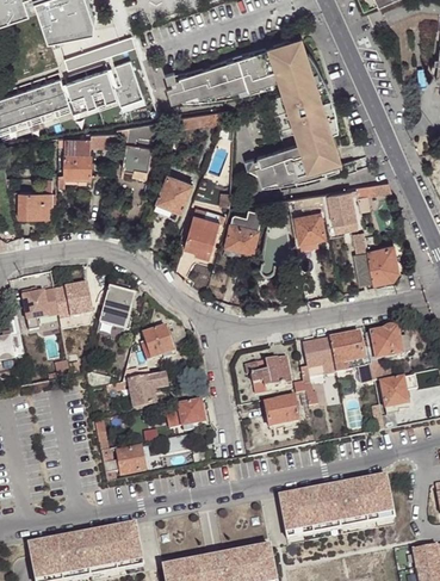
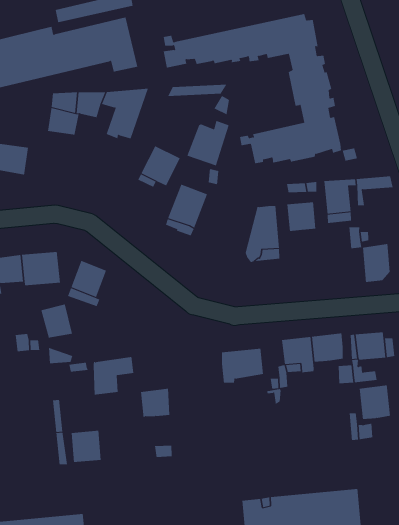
building: [224,210,261,253] -> [187,120,229,166]
building: [140,317,172,351] -> [41,304,73,338]
building: [262,396,296,427] -> none

